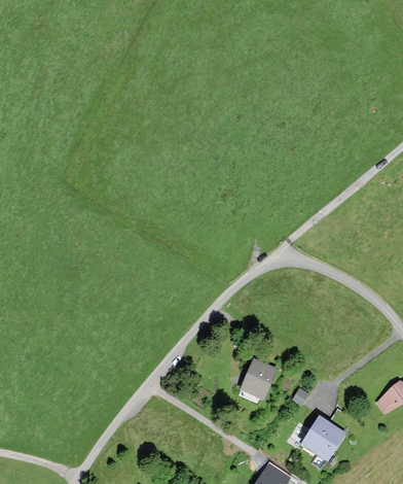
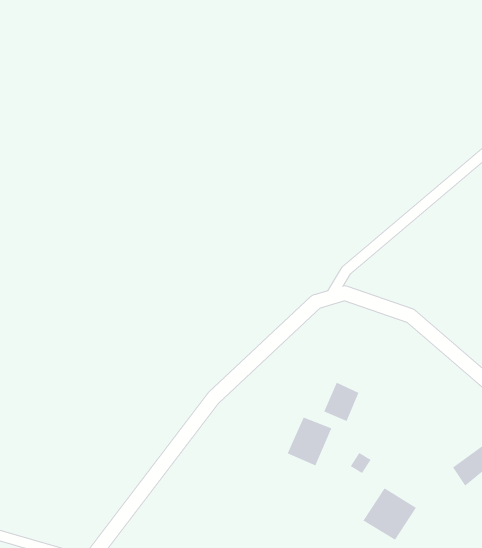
building: none -> [323,382,359,422]

